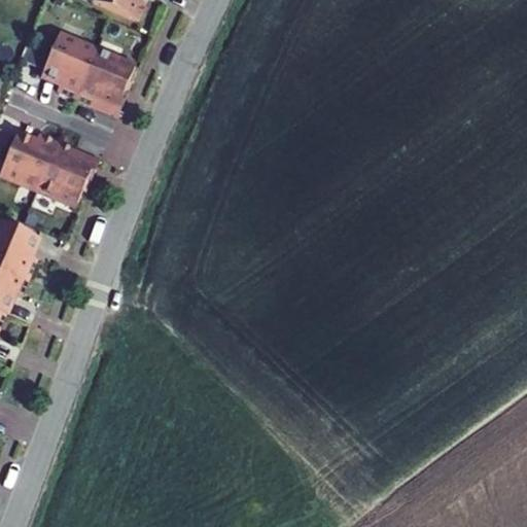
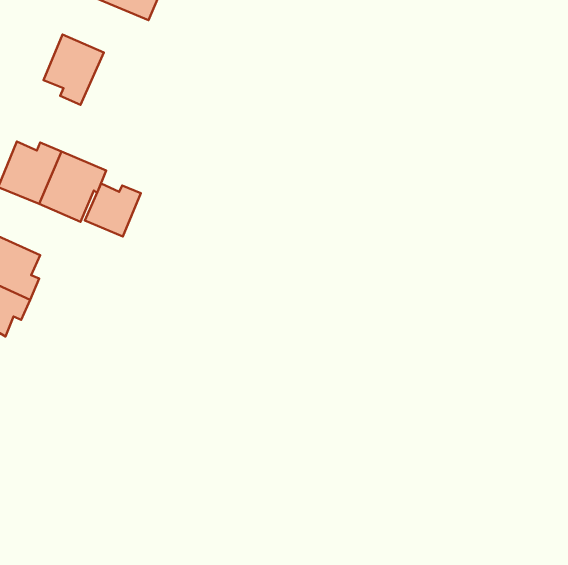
building: [74,48,134,114] -> none
building: none -> [85,183,141,237]

